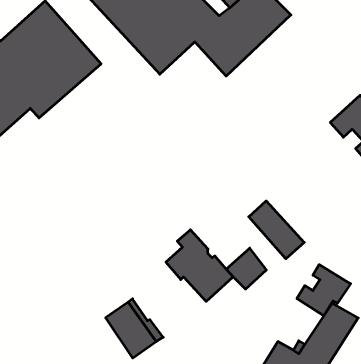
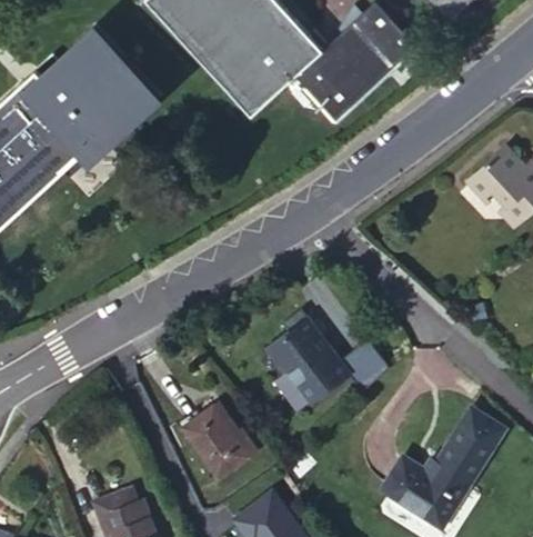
building: [249,201,304,259] -> none
building: [297,265,351,316] -> none

